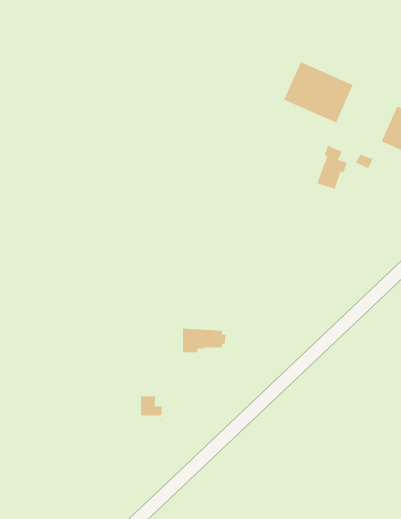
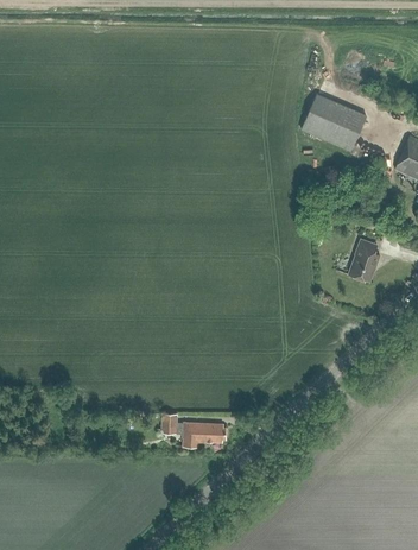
building: [317,145,347,190] -> [350,239,380,282]
building: [182,328,227,353] -> [183,423,226,447]

